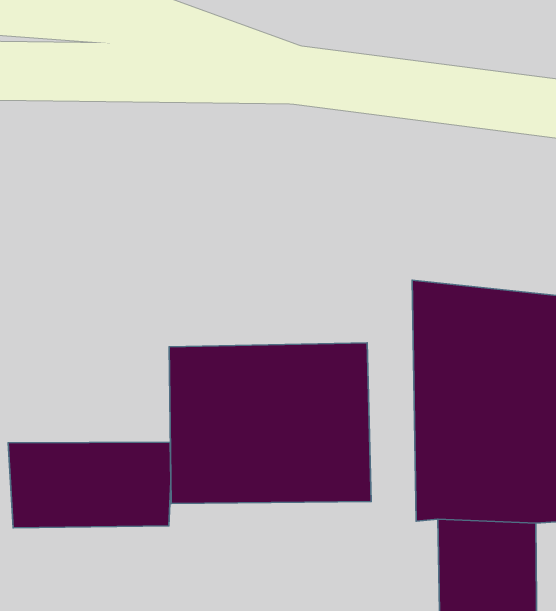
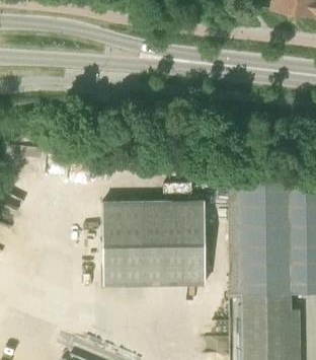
building: [8,442,171,528] -> none

